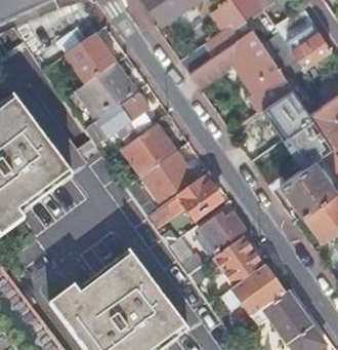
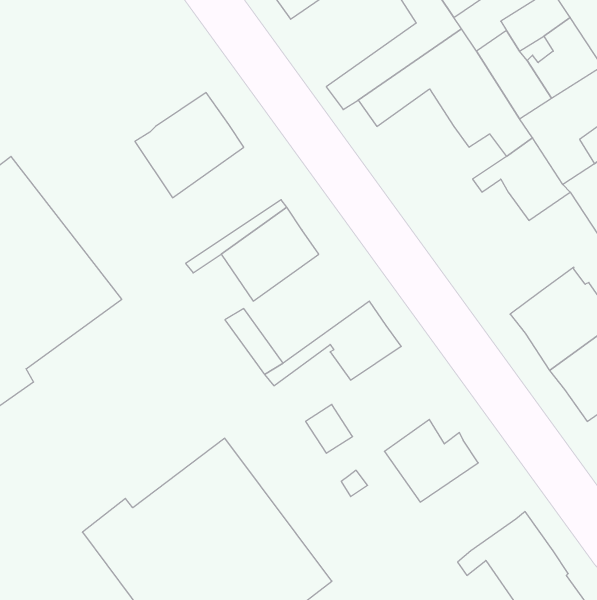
building: [67,33,117,84] -> none
building: [86,90,152,145] -> none
building: [279,126,322,168] -> none
building: [142,151,197,203] -> none
building: [201,213,249,254] -> none
building: [235,266,286,313] -> none

